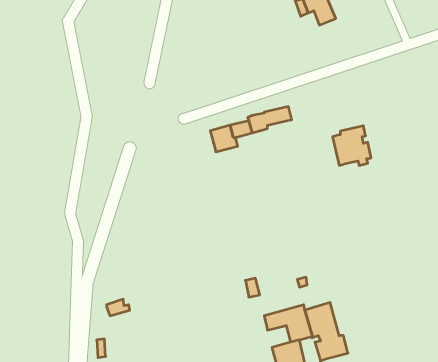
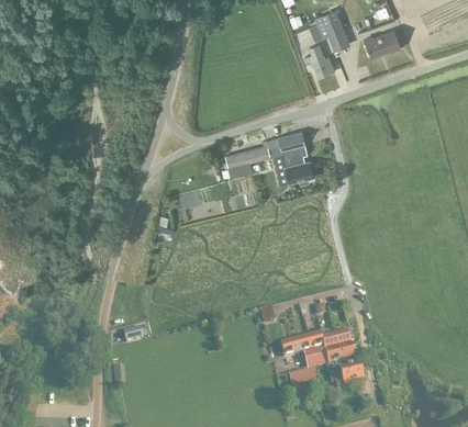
building: none -> [366,31,402,57]
building: none -> [305,44,336,77]
building: [333,126,371,165] -> [276,145,314,184]

